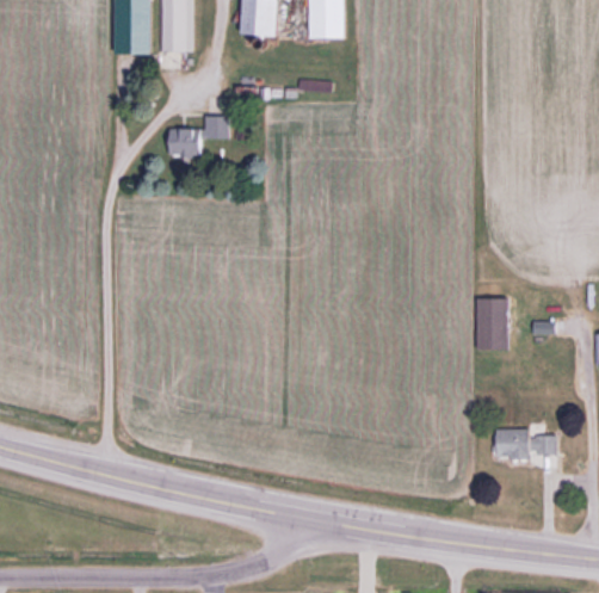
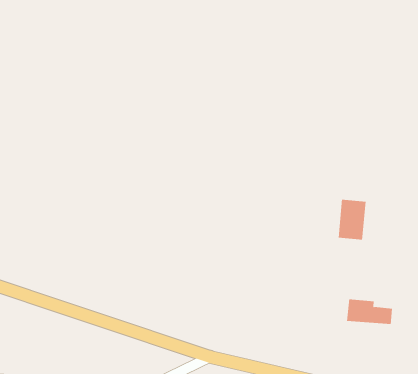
building: [167,116,229,156] -> none

